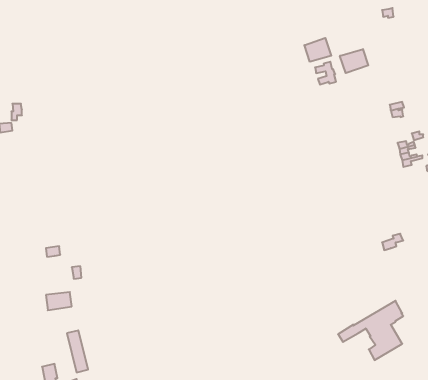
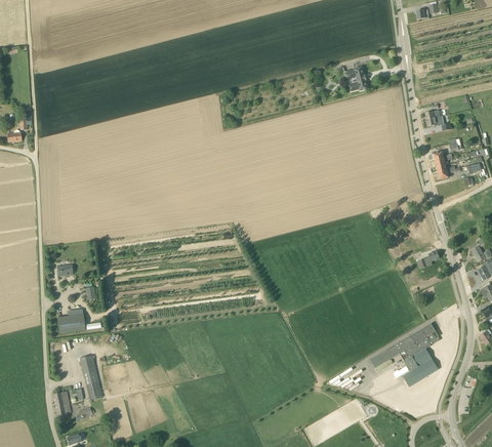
building: [304,38,331,62] -> none
building: [340,49,368,73] -> none

